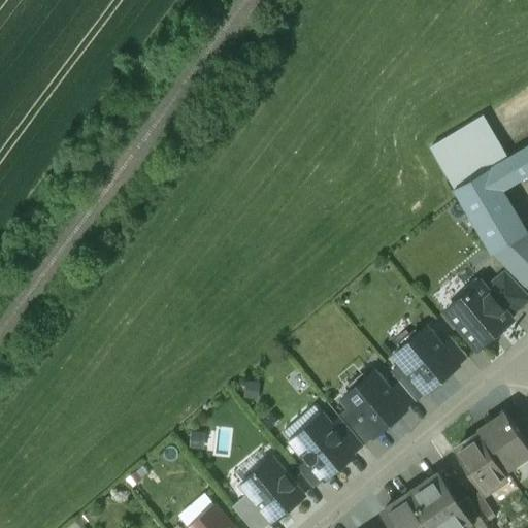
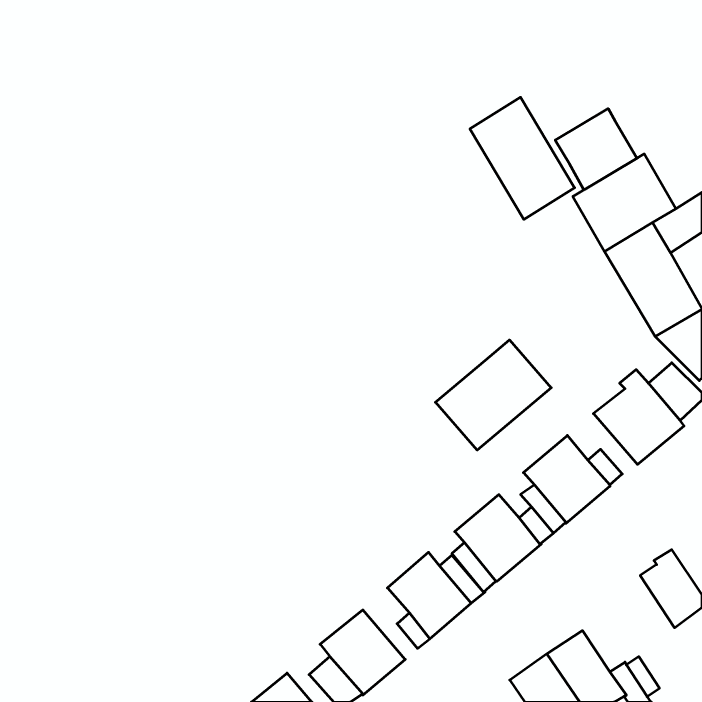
building: none -> [470,97,575,219]
building: none -> [555,109,638,189]
building: none -> [435,340,551,450]
building: [455,432,509,493] -> none

